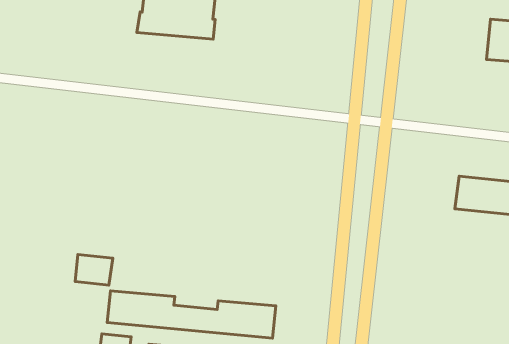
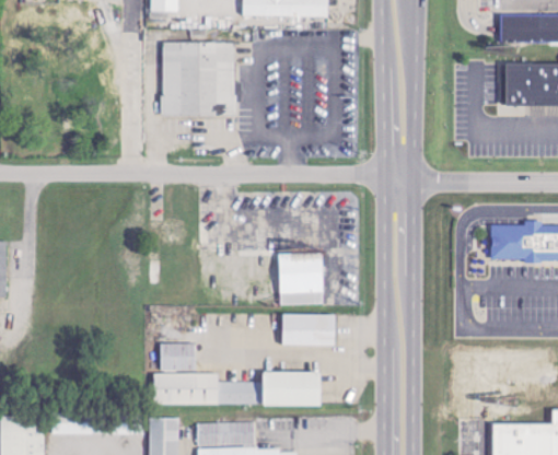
building: none -> [279,254,324,305]
building: none -> [282,315,336,346]
building: [75,255,113,285] -> [161,343,196,371]

